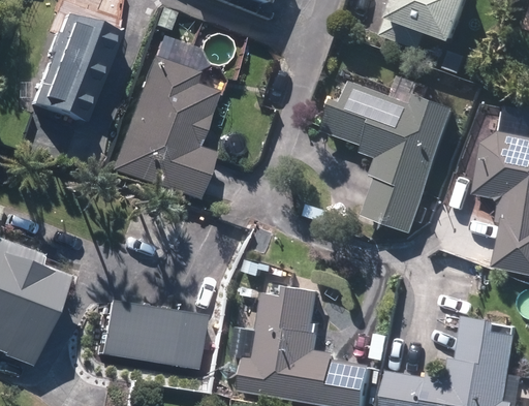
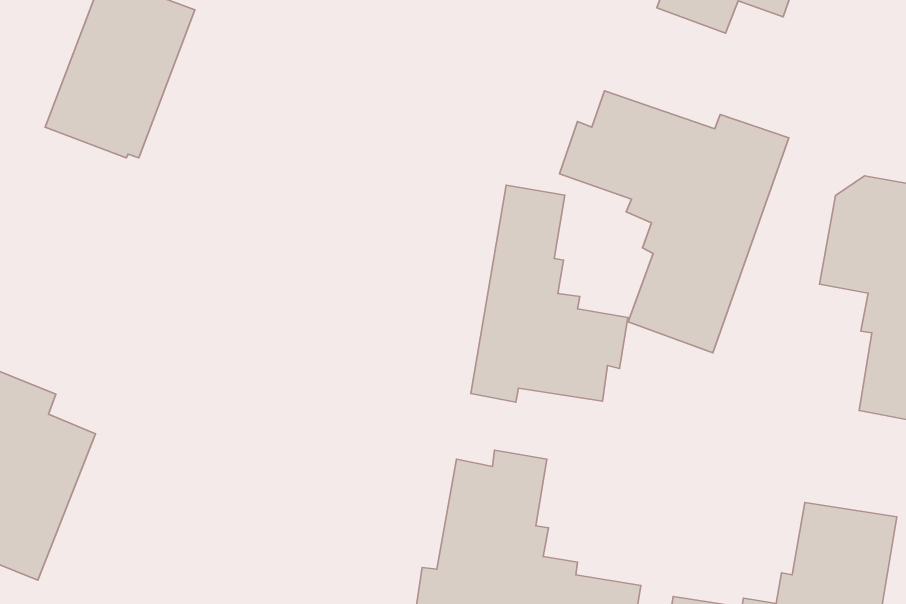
building: [112,56,214,199] -> none
building: none -> [471,185,628,402]
building: [100,303,201,368] -> none

